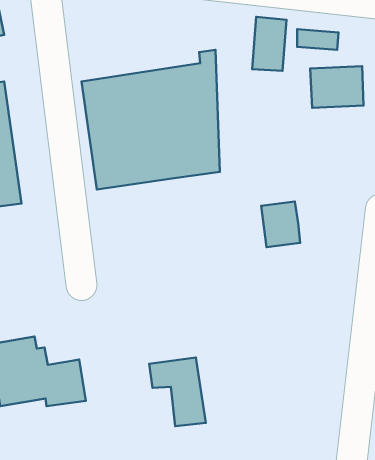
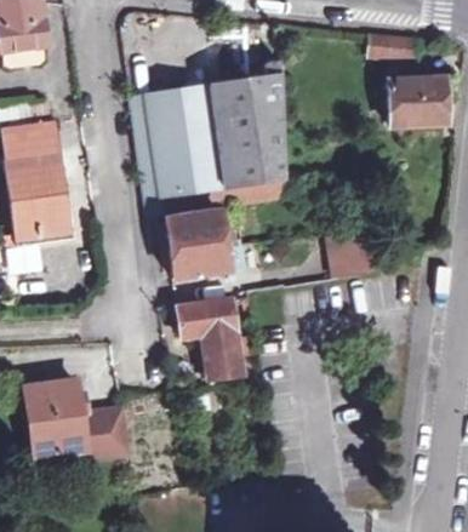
building: [252,17,287,71] -> none
building: none -> [164,211,228,276]
building: [149,357,206,426] -> [177,301,240,377]

